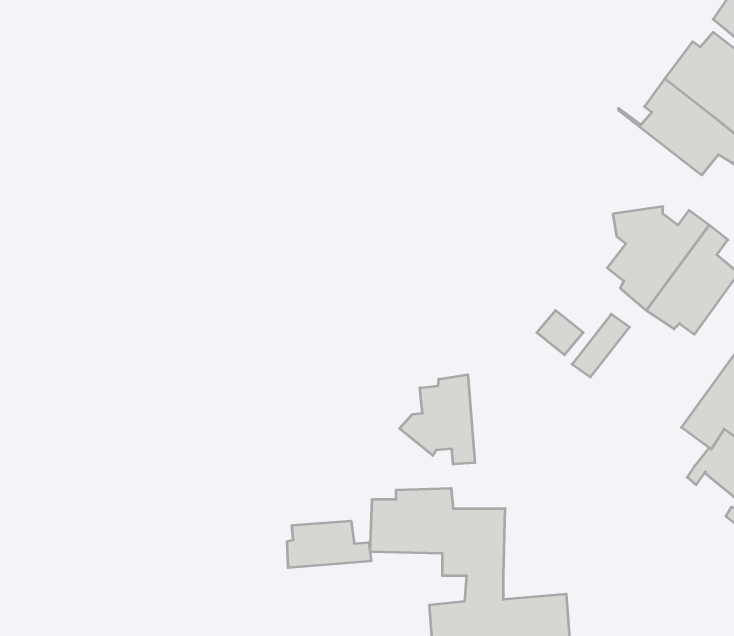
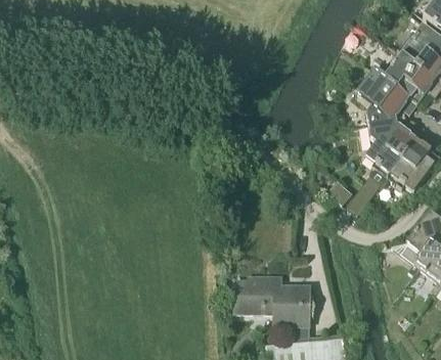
building: none -> [357,69,417,126]
building: [400,375,475,464] -> none
building: [287,521,371,568] -> none

